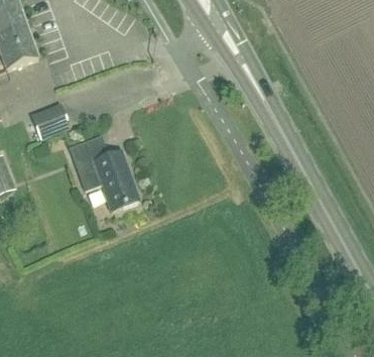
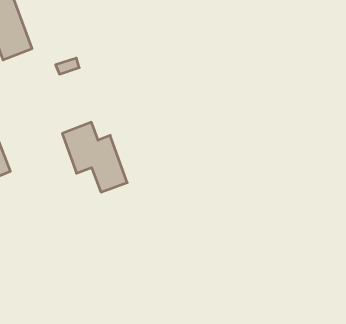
building: [30,104,69,138] -> none

